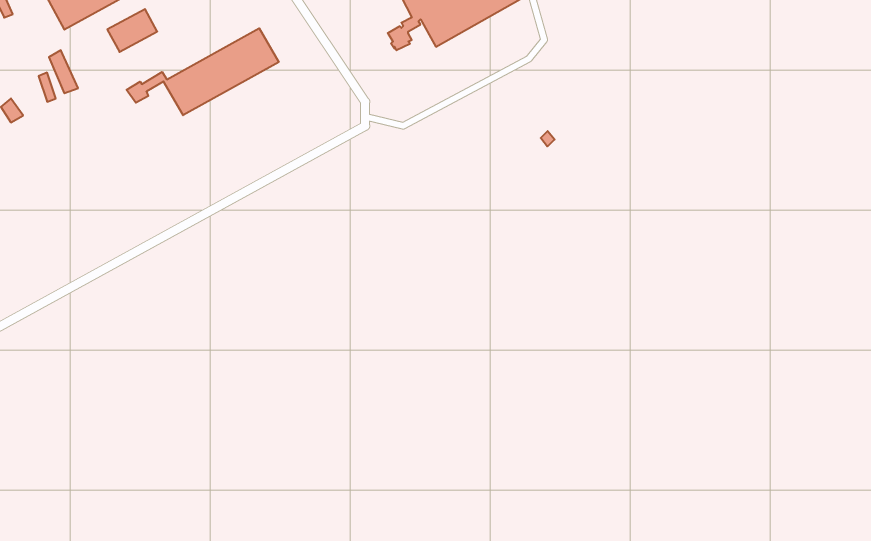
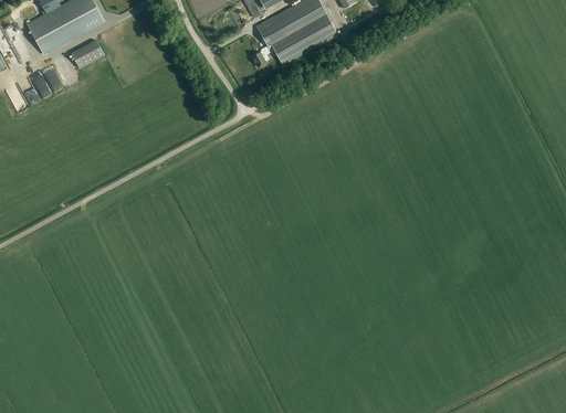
building: [127,28,279,115] -> none

